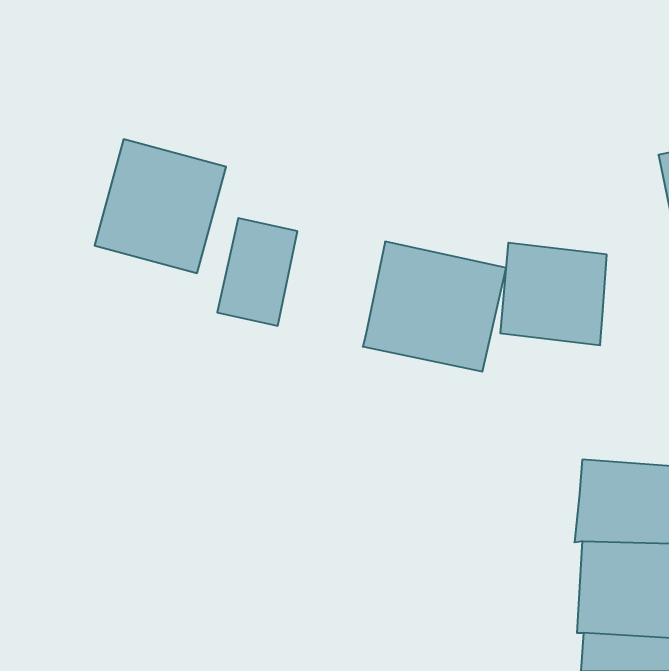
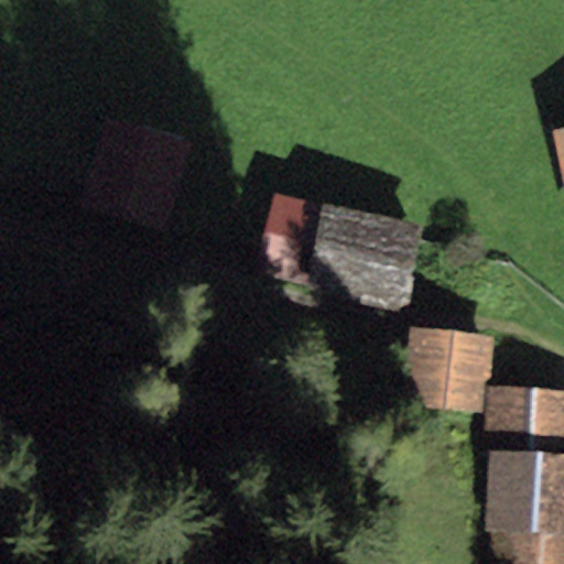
building: [217,218,297,326] -> [258,192,325,282]
building: [500,243,607,345] -> [404,328,494,414]

